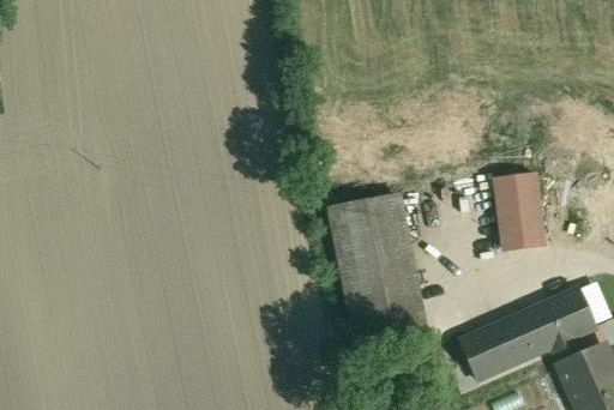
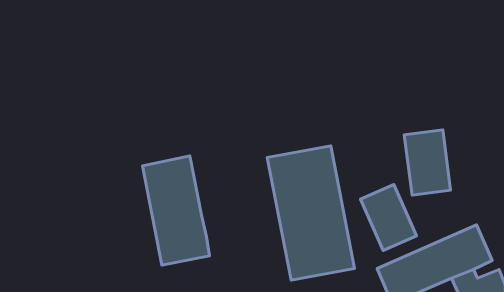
building: none -> [143,156,210,265]
building: none -> [361,184,416,250]

